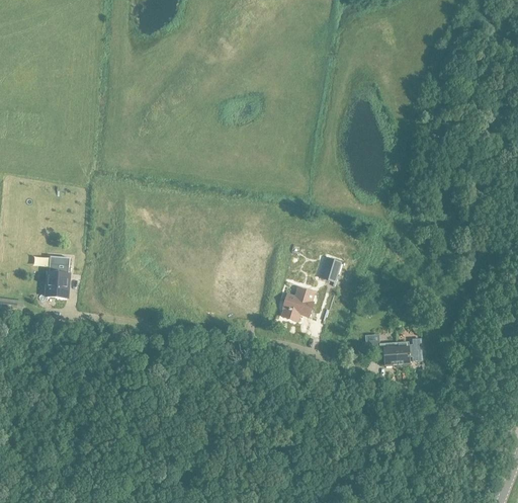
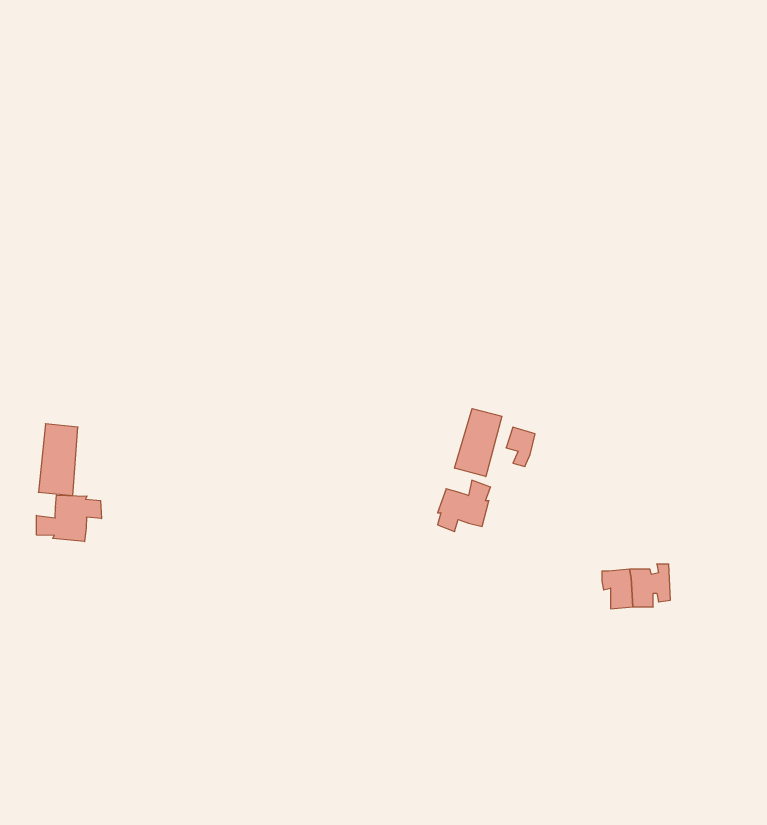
building: none -> [455,409,502,477]
building: none -> [36,495,101,542]

